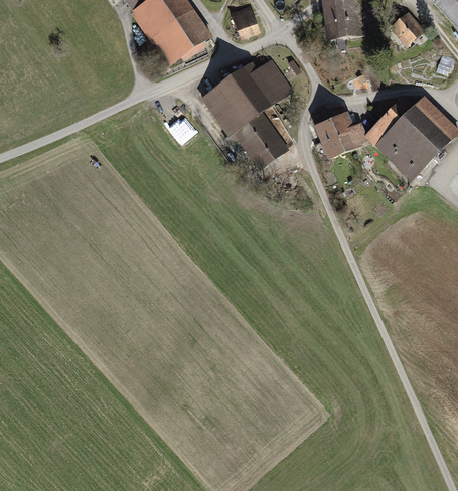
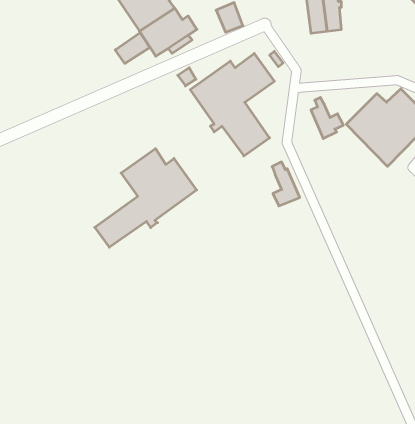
building: [393,13,423,43] -> none
building: none -> [115,33,150,63]
building: [314,112,343,158] -> [272,162,300,206]
building: none -> [95,149,197,247]

